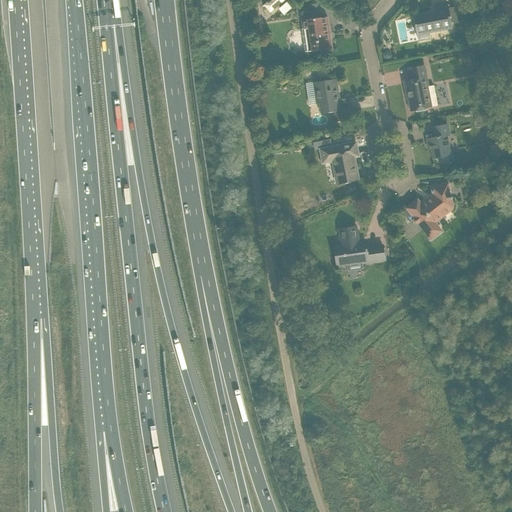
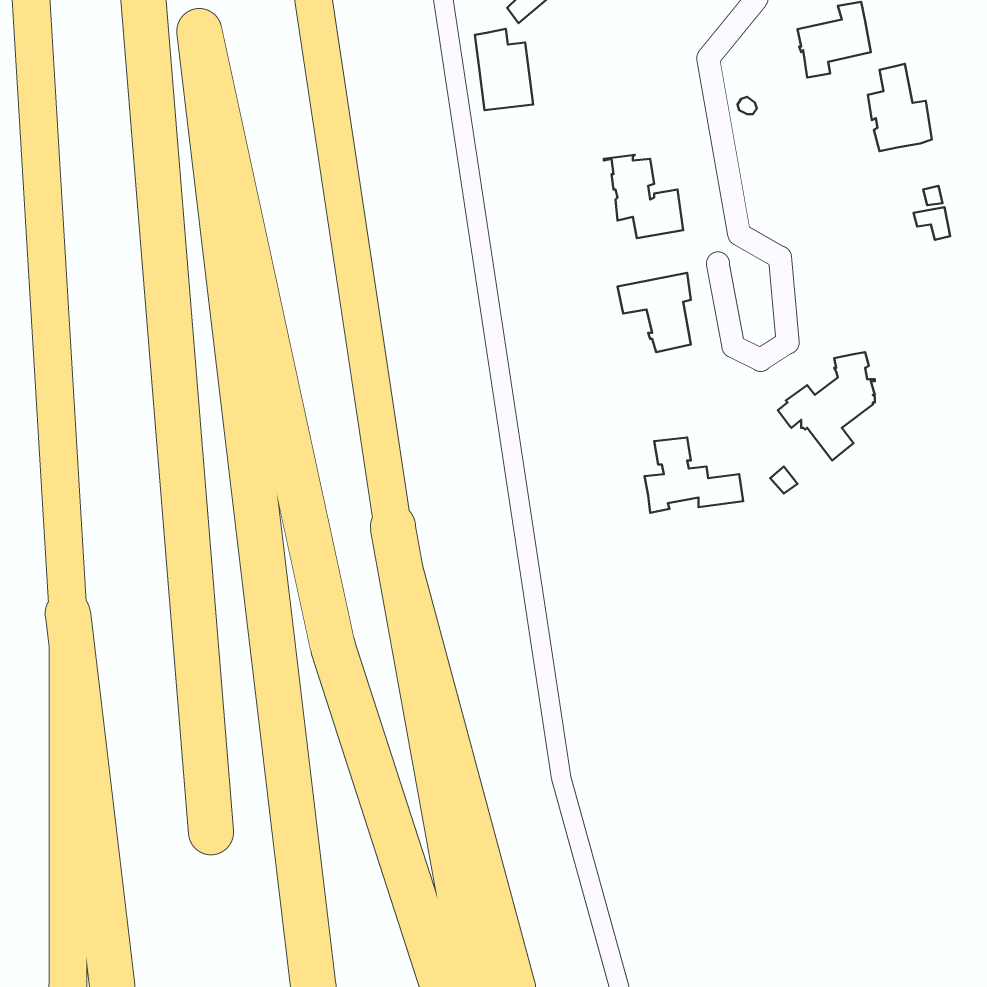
building: [300,9,330,51] -> [475,29,533,110]
building: [403,65,436,110] -> [868,64,932,151]
building: [426,123,454,163] -> none

